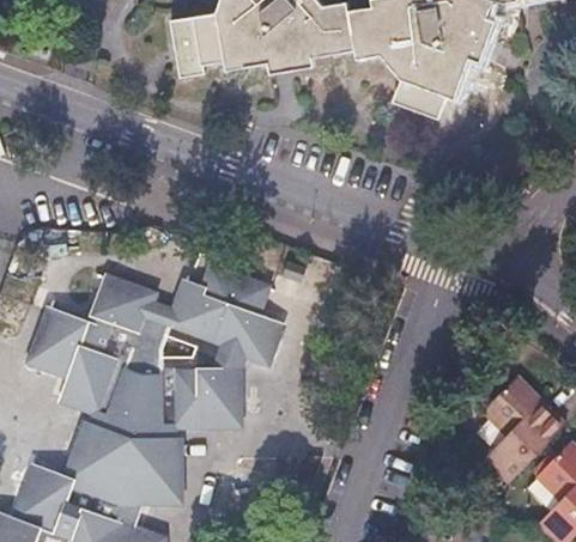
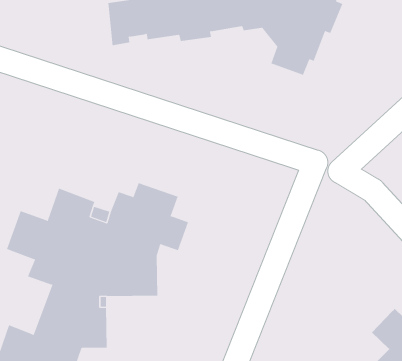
building: [479,374,560,479] -> none

